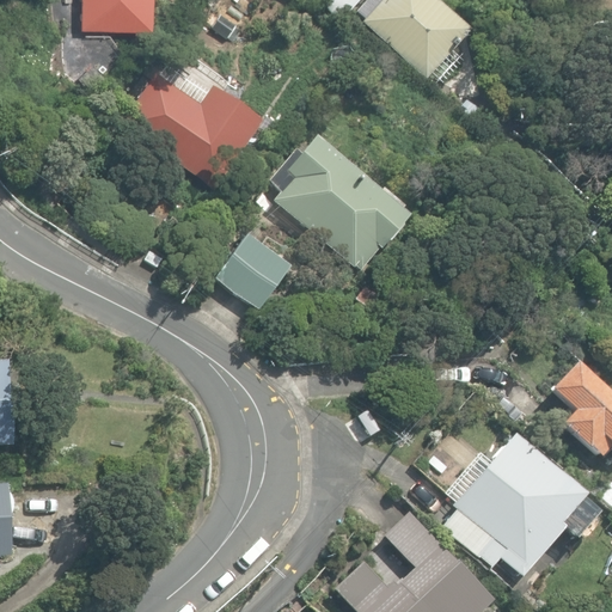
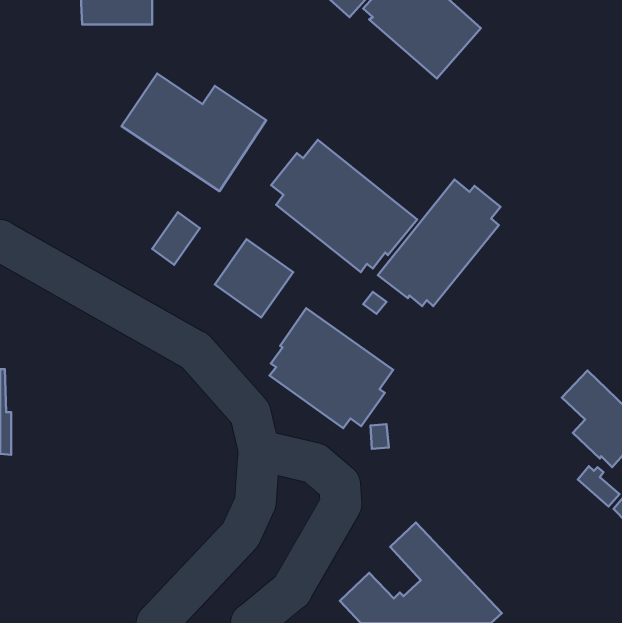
building: none -> [378,180,501,306]
building: none -> [270,308,393,428]
building: [432,432,598,575] -> none

